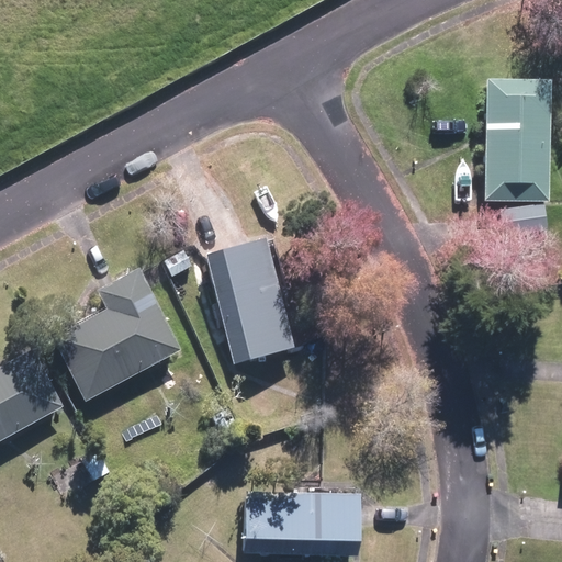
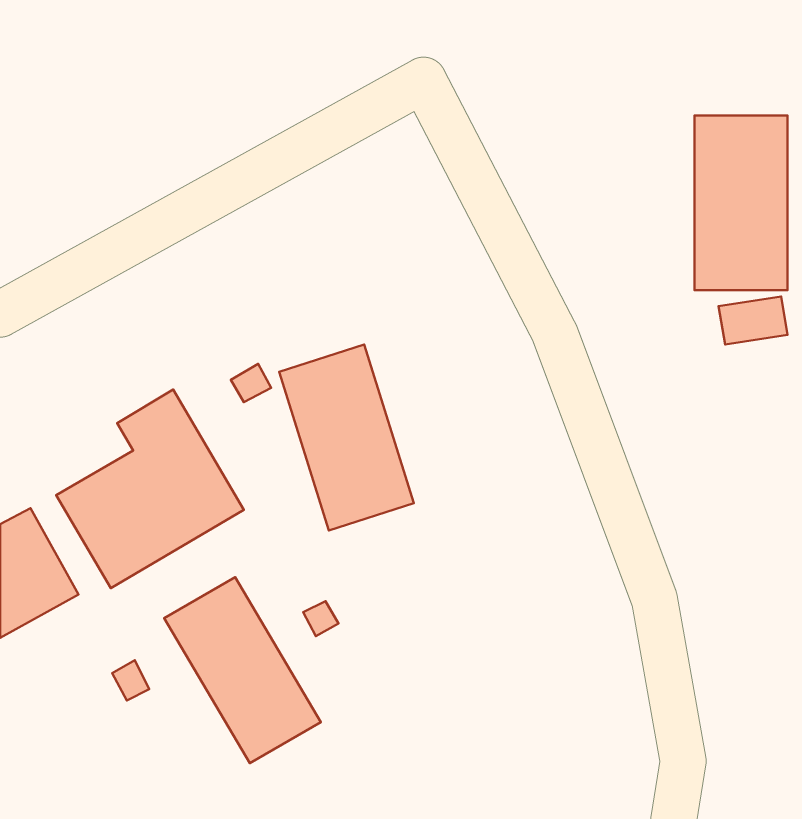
building: none -> [164,577,321,763]
building: [245,492,358,554] -> none

